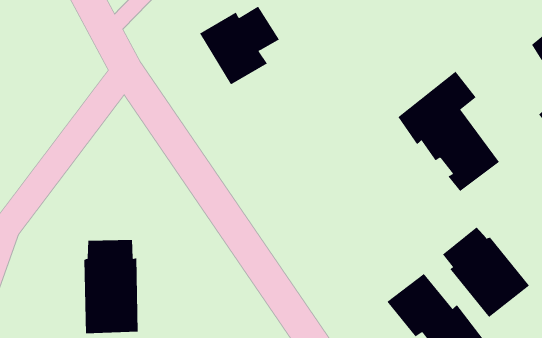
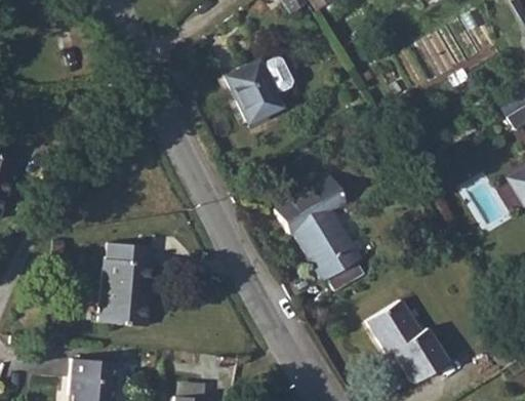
building: [397,71,500,192] -> [277,176,361,281]
building: [442,227,530,318] -> none

